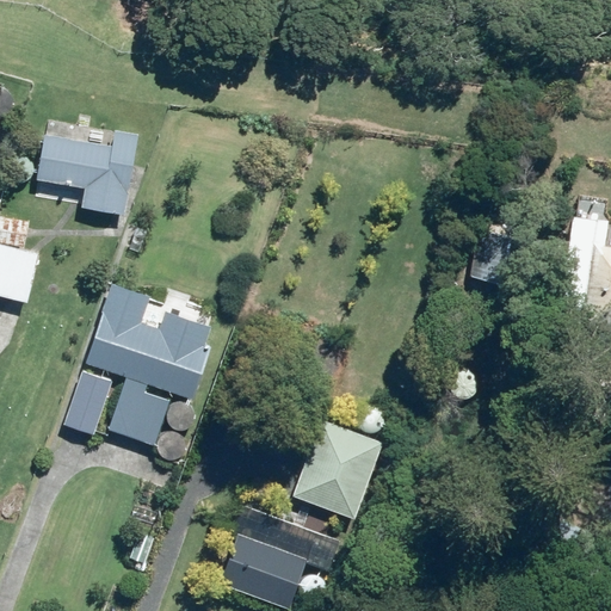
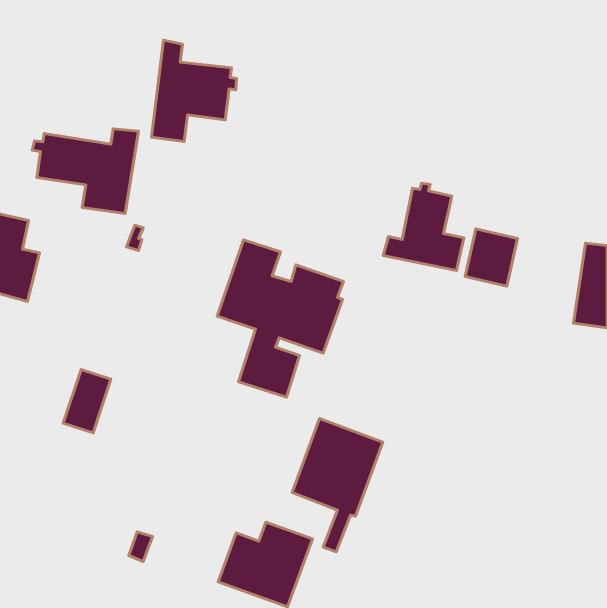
building: none -> [151,40,236,142]
building: none -> [383,183,464,271]
building: [86,286,212,444] -> [217,240,344,397]

